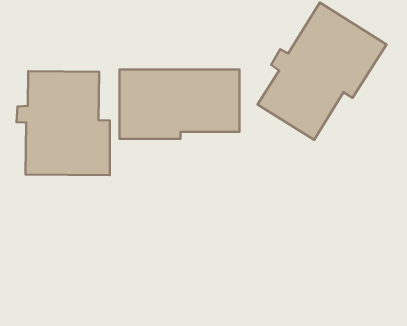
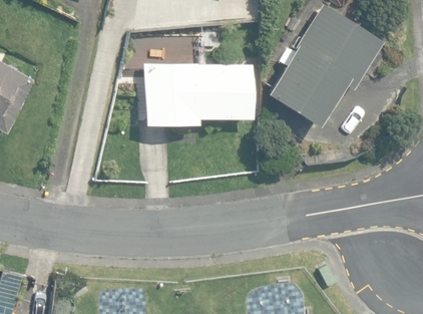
building: [17,71,110,175] -> none

